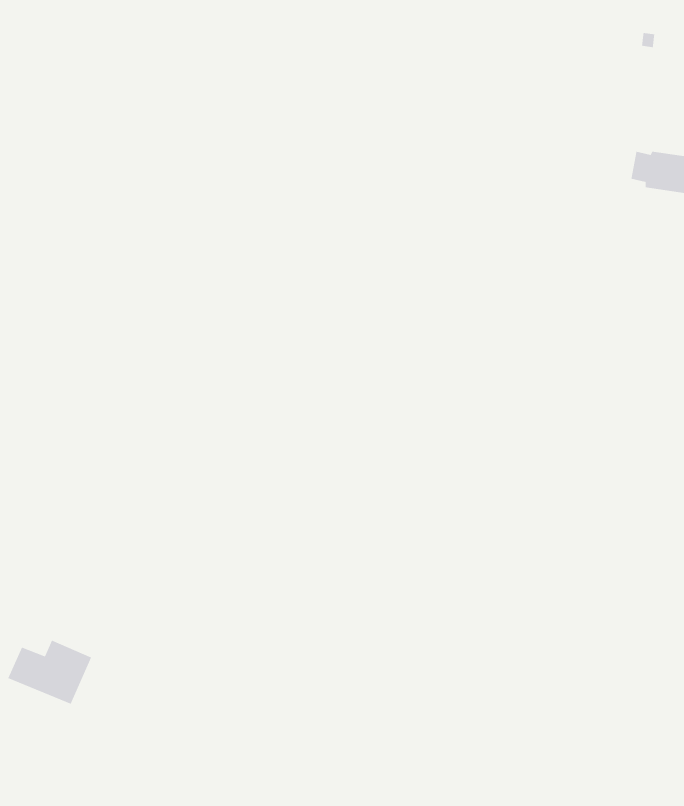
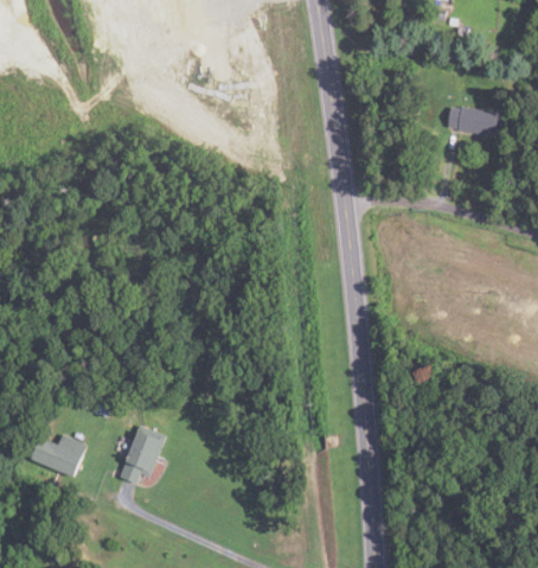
building: none -> [120,432,160,485]

